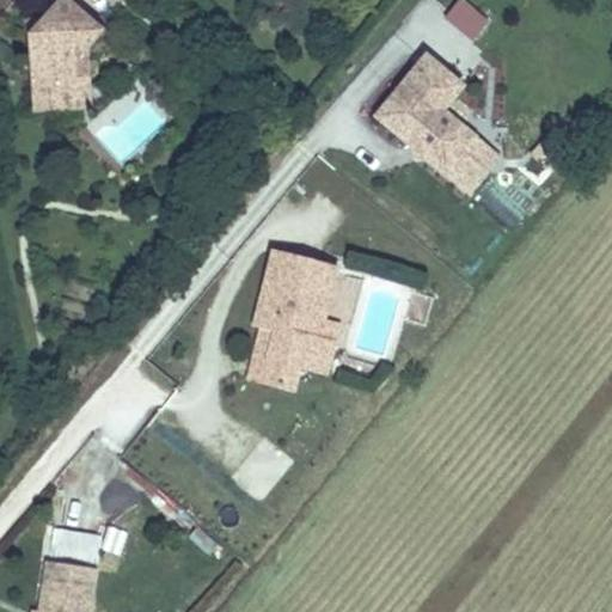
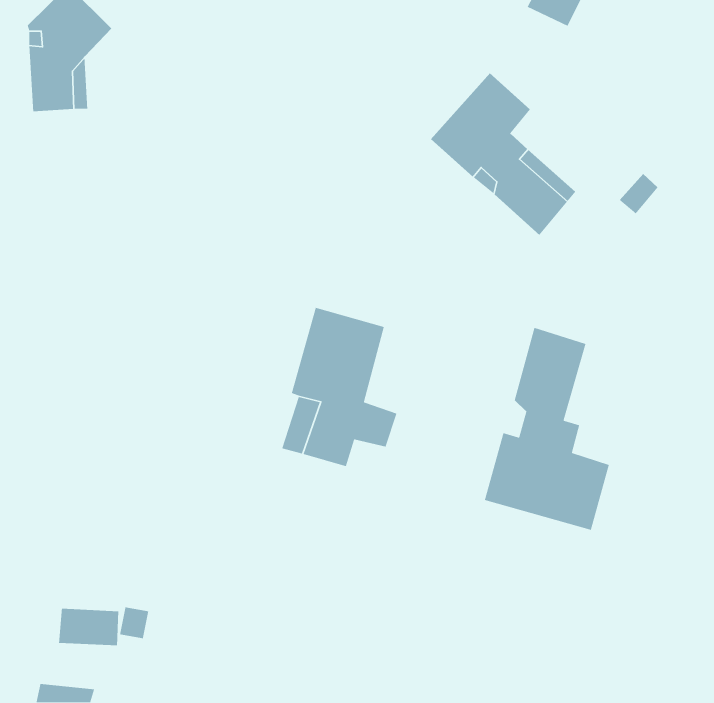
building: [317,275,349,348] -> none
building: none -> [484,327,610,531]

